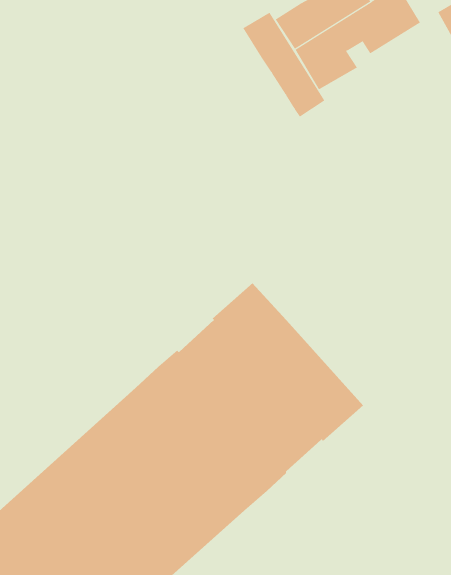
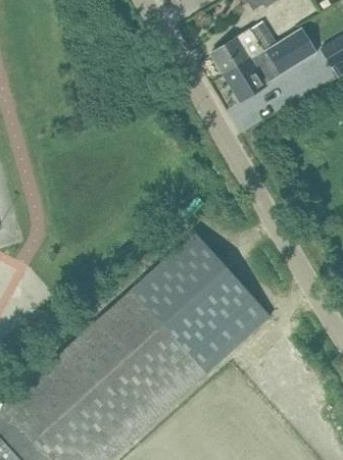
building: [243,12,325,118] -> none

